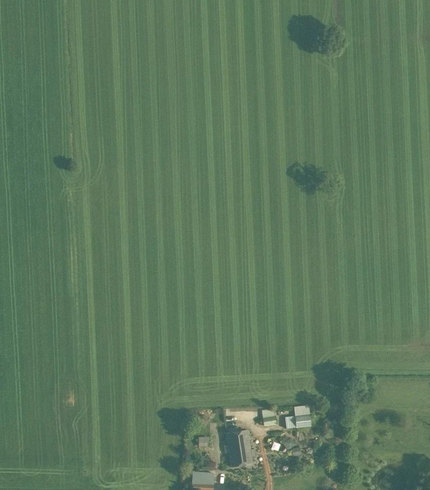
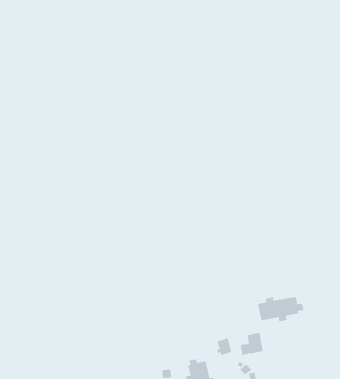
building: none -> [258,296,304,322]

